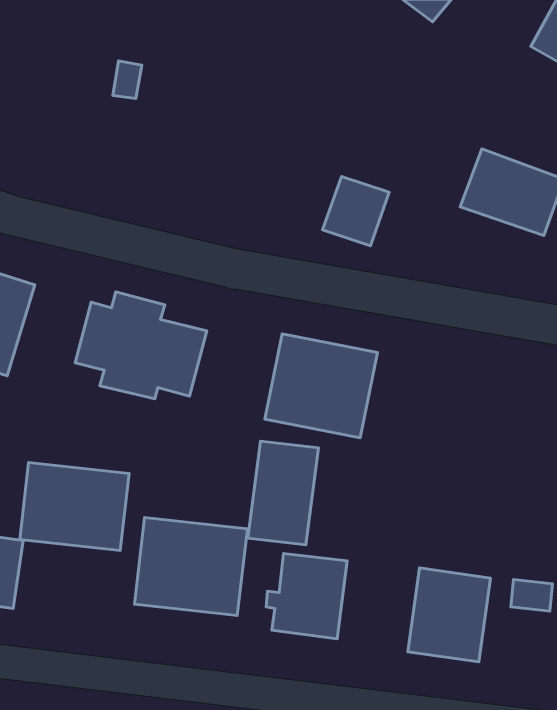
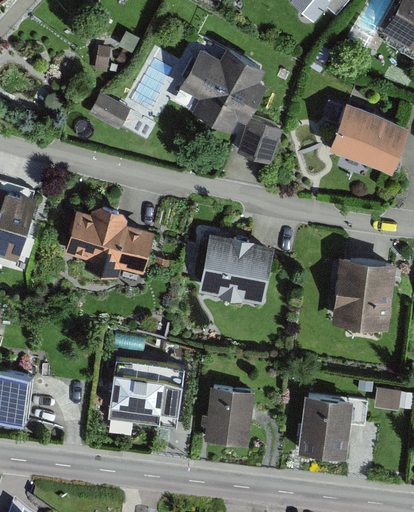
building: none -> [176,54,270,142]
building: none -> [89,92,130,129]
building: none -> [332,256,396,330]
building: [248,441,318,545] -> none
building: [20,463,129,551] -> none

